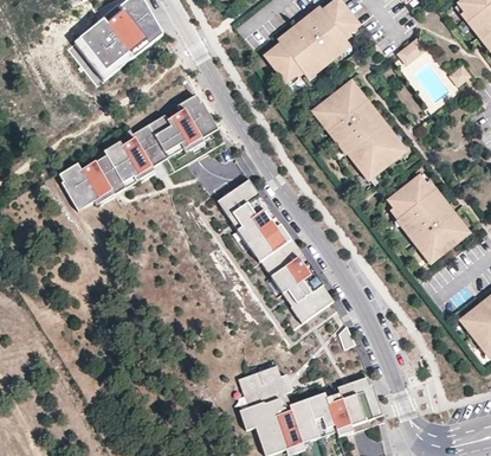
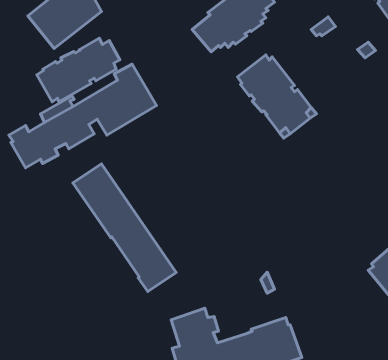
building: none -> [37,38,120,102]
building: [387,176,463,259] -> none
building: [218,181,334,325] -> [73,164,176,292]

